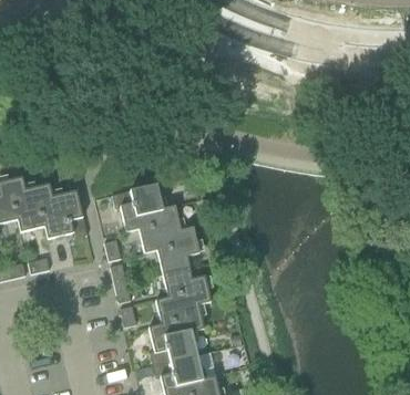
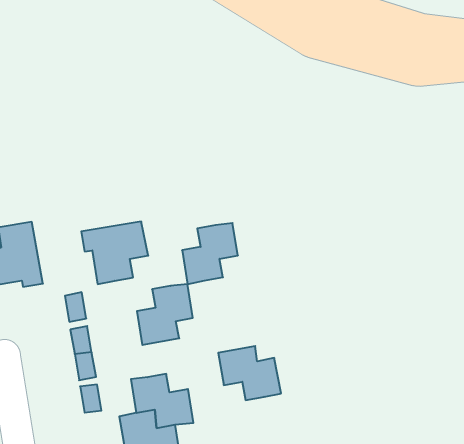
building: [140,207,181,253] -> [182,223,238,284]
building: [163,268,211,308] -> [218,346,281,400]

